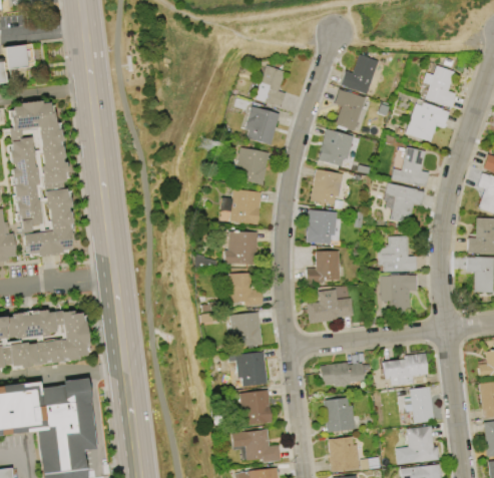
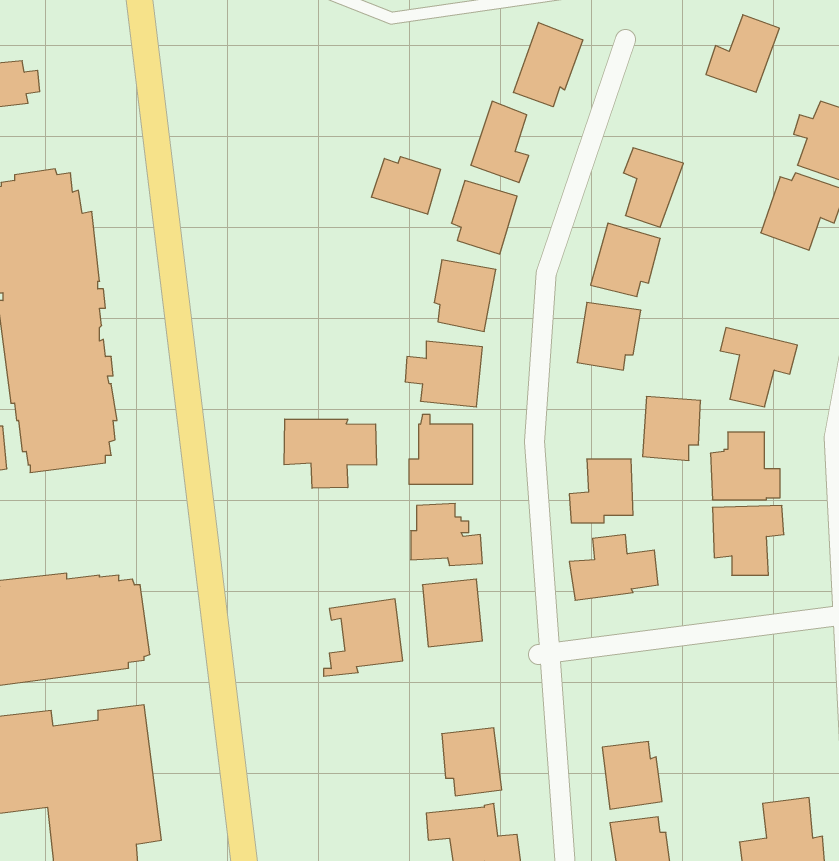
building: none -> [513,22,583,107]
building: [341,54,379,94] -> [706,15,779,92]
building: none -> [371,157,440,214]
building: [391,147,429,186] -> none
building: [307,210,337,244] -> [643,397,701,460]
building: none -> [284,419,376,488]
building: [226,351,268,391] -> [324,599,403,676]
building: [382,354,428,385] -> none
building: [320,362,370,387] -> none
building: [405,387,434,423] -> none

